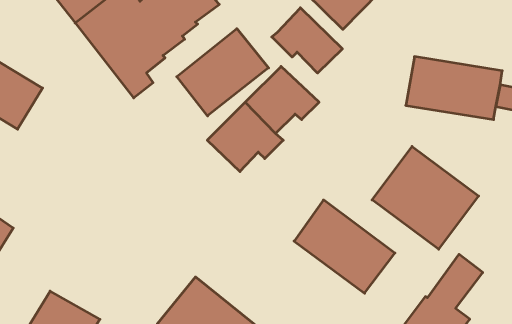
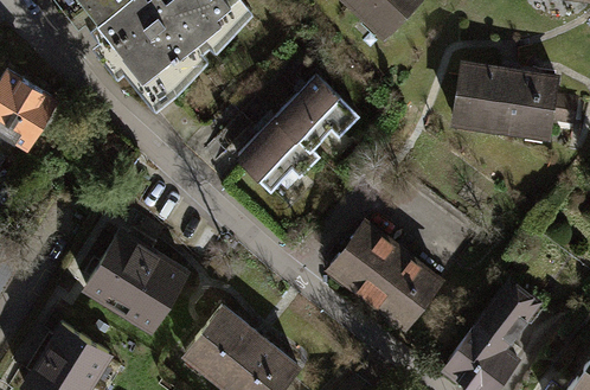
building: [272,8,342,73] -> none
building: [177,29,269,116] -> none
building: [372,146,479,249] -> none
building: none -> [85,229,192,332]

